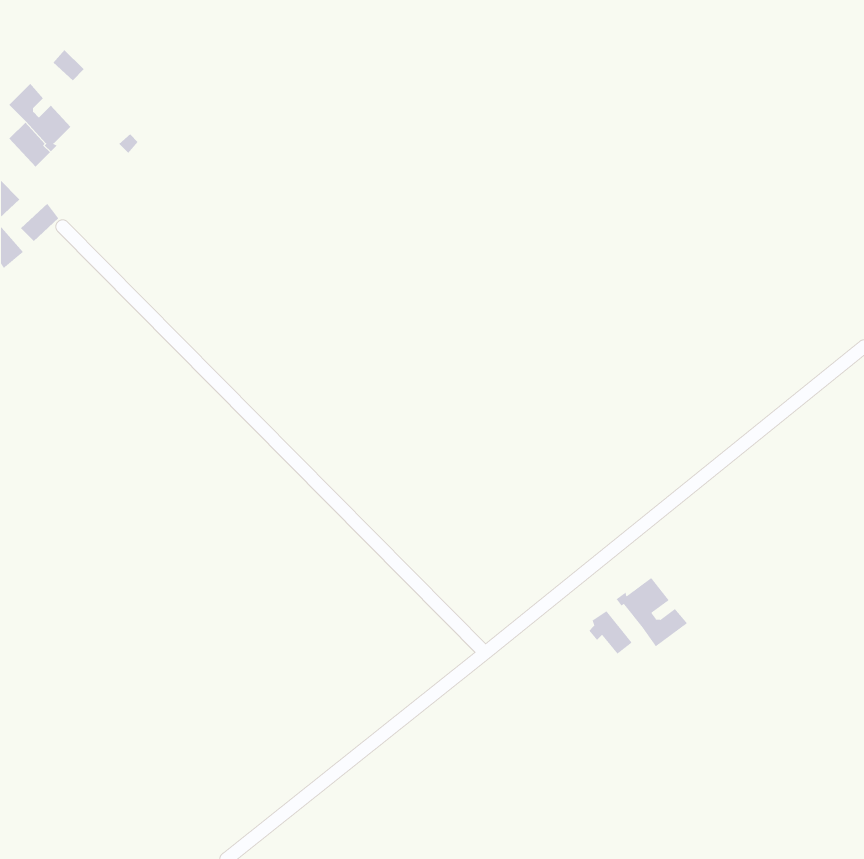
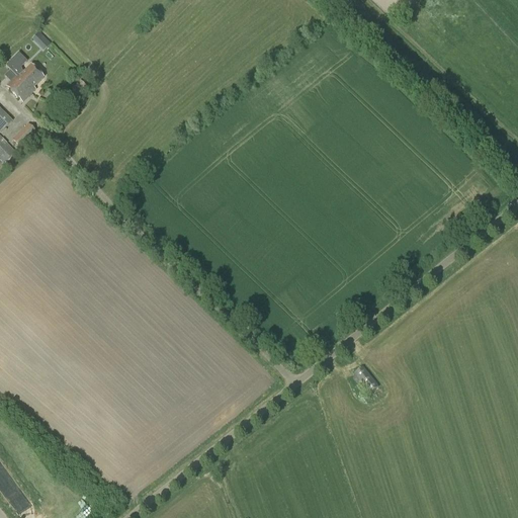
building: [616,577,688,647] -> none

